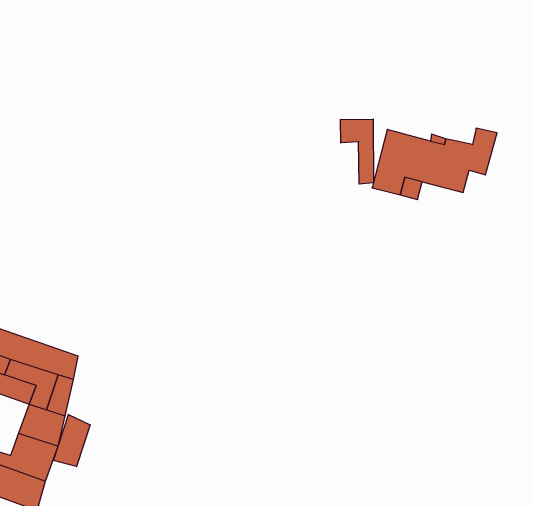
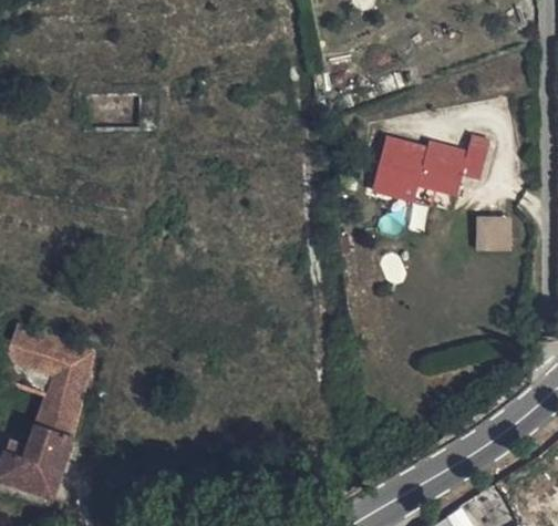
building: [341,119,373,184] -> none
building: none -> [477,214,512,248]
building: [54,414,90,467] -> none

